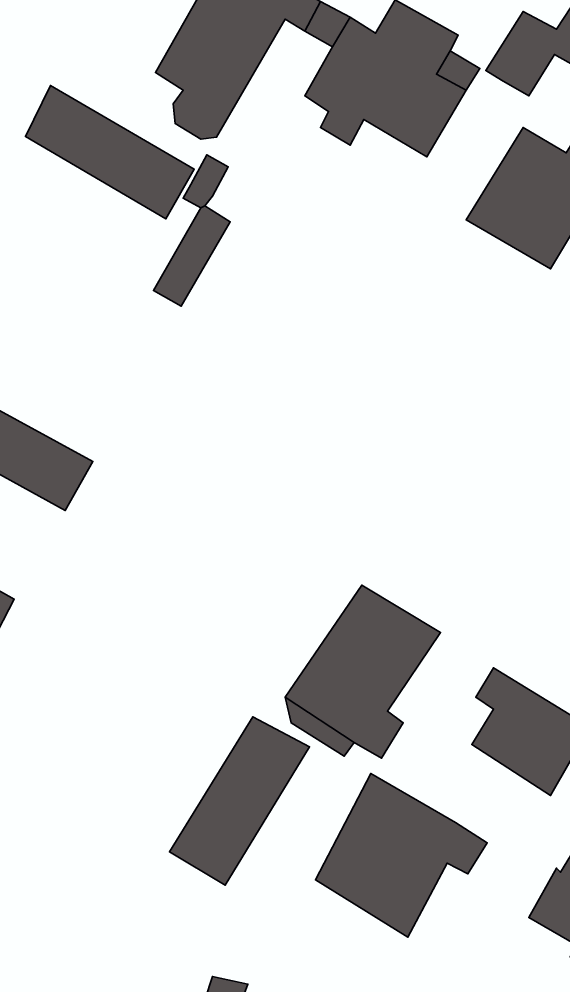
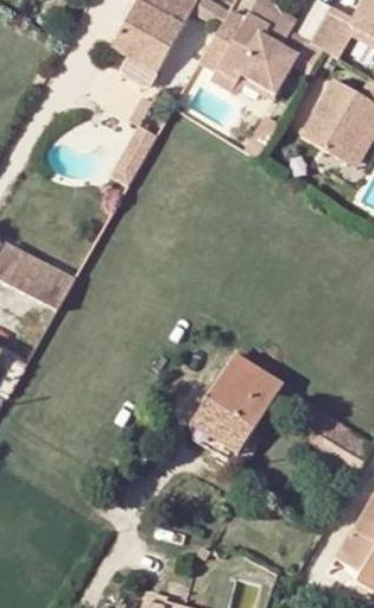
building: [25,86,194,219] -> none
building: [170,717,310,885] -> none
building: [316,773,487,937] -> none

